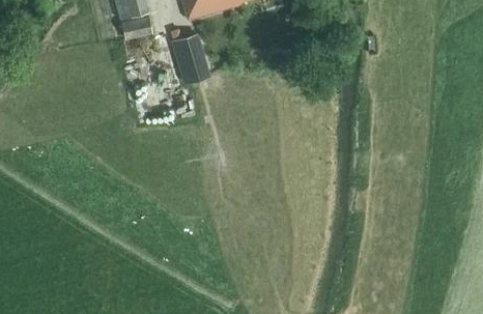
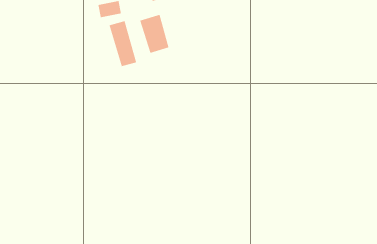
building: none -> [108,20,137,67]

